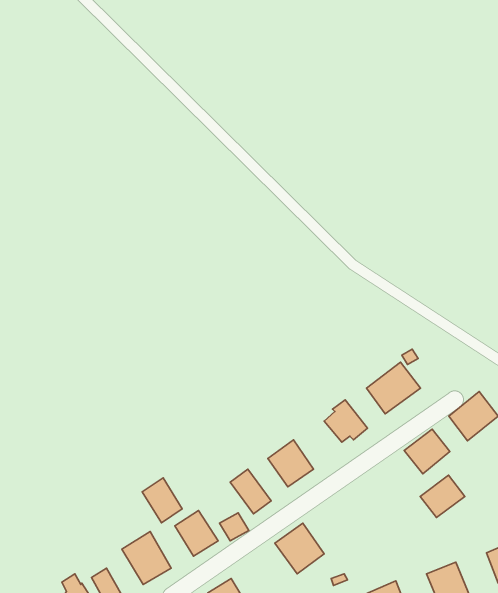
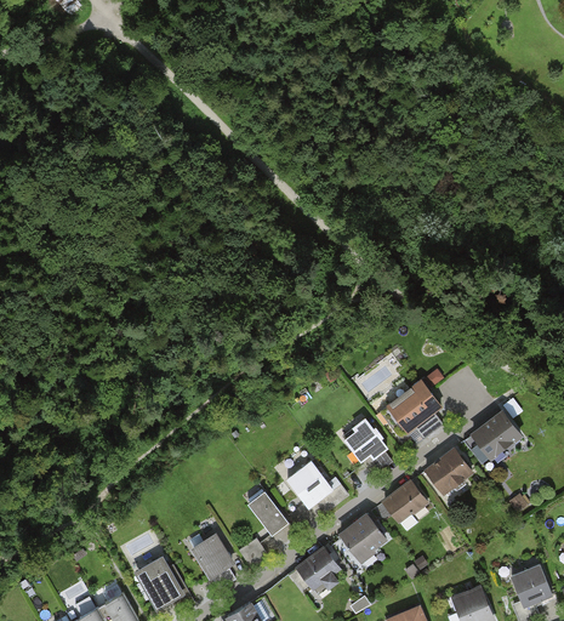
building: [420,475,465,518] -> [381,482,427,525]
building: [142,478,182,523] -> none
building: none -> [338,513,389,564]

